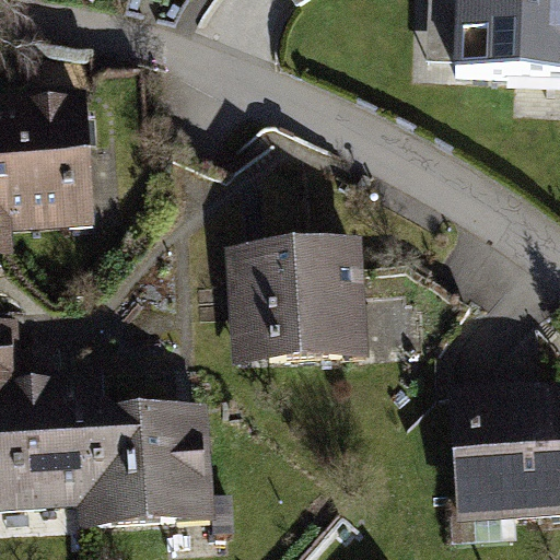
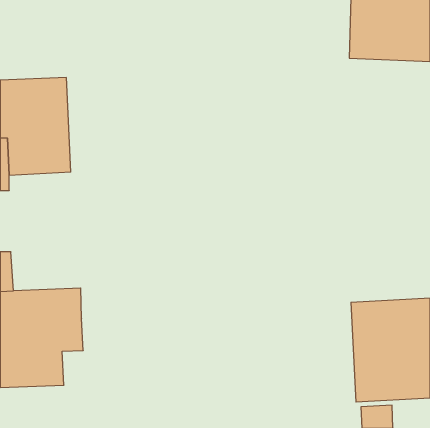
building: [225,242,368,358] -> none
building: [81,408,236,534] -> none

